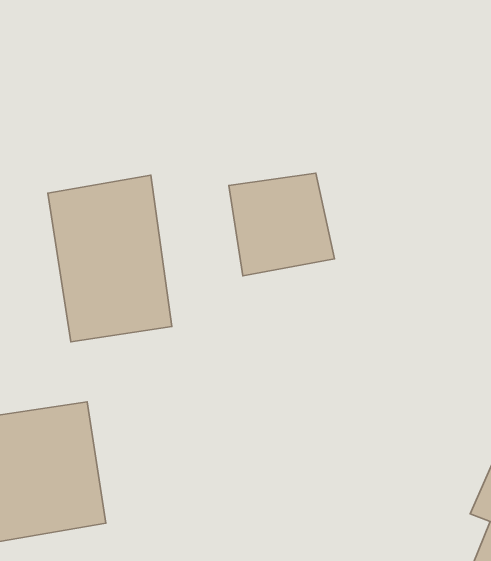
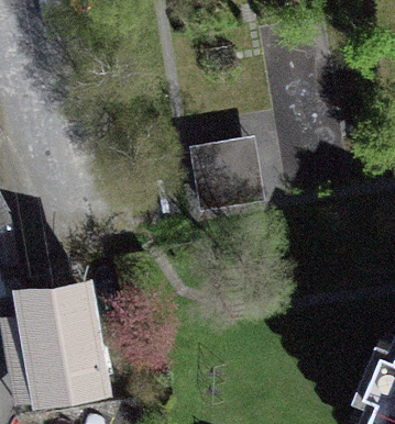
building: [48,175,172,342] -> none

